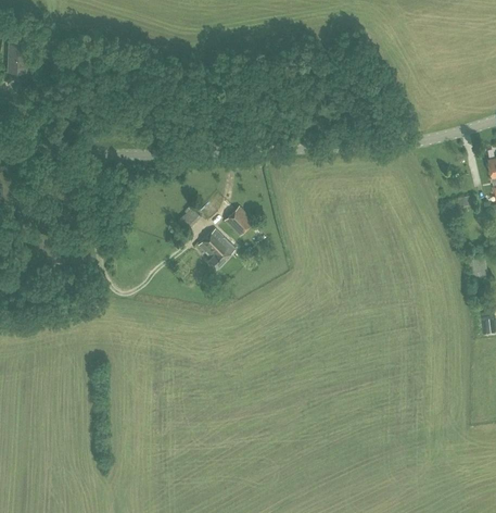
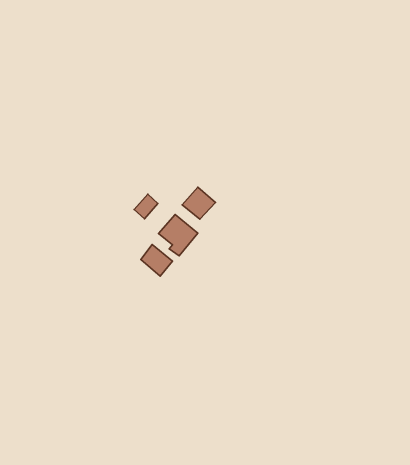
building: none -> [141,244,173,276]

